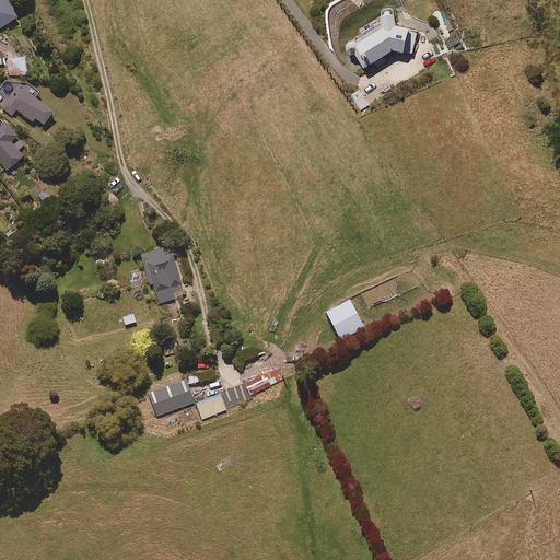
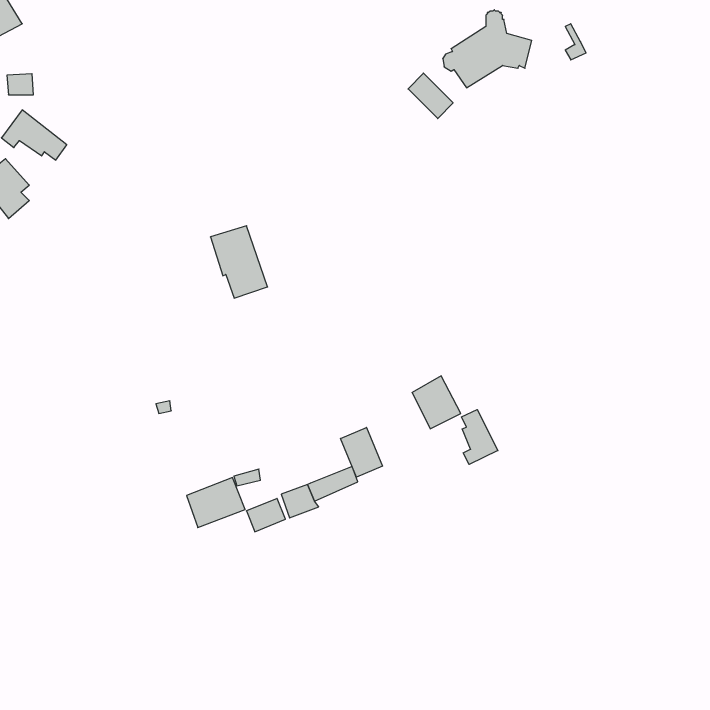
building: none -> [408,73,453,119]
building: [140,246,185,303] -> [210,226,268,298]
building: none -> [461,410,498,464]
building: none -> [341,427,382,477]

